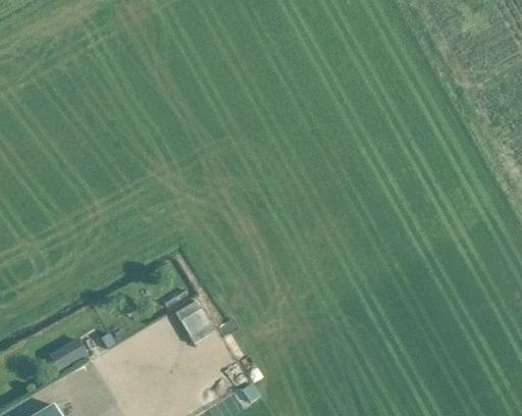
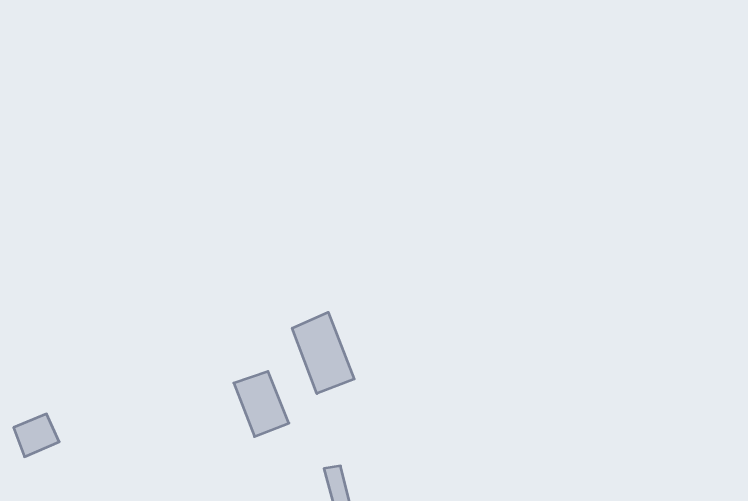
building: none -> [292,312,354,394]

